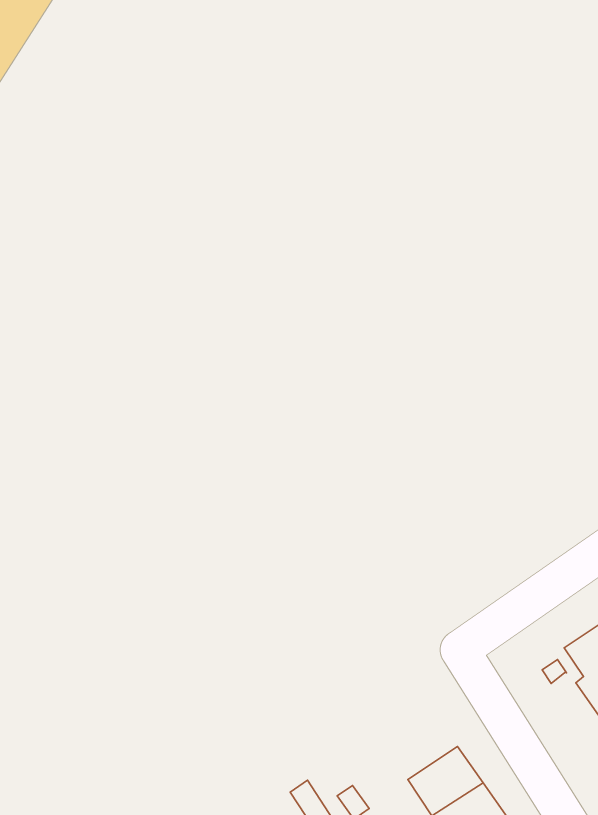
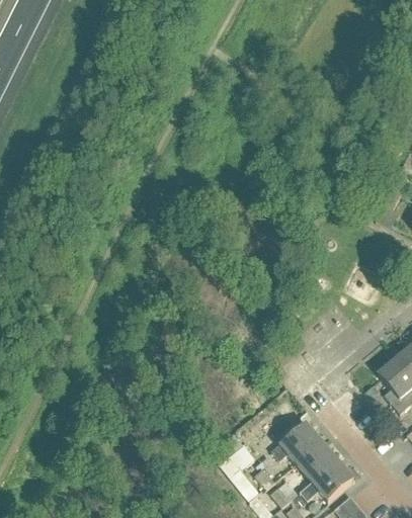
building: none -> [271,420,321,460]

